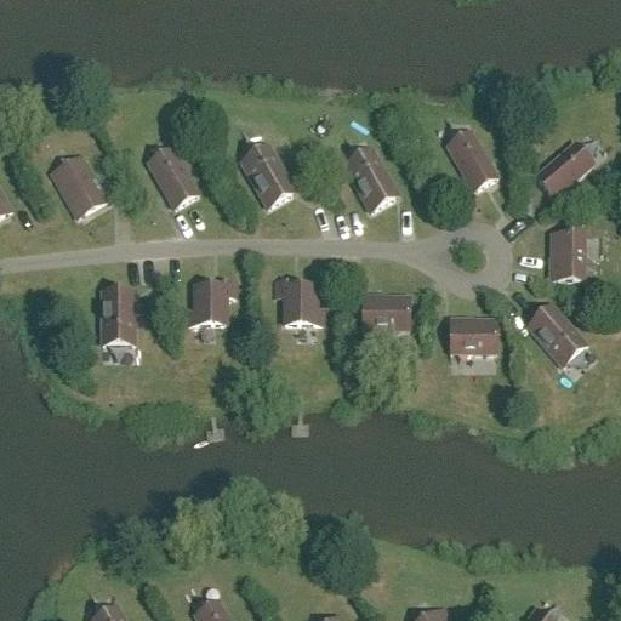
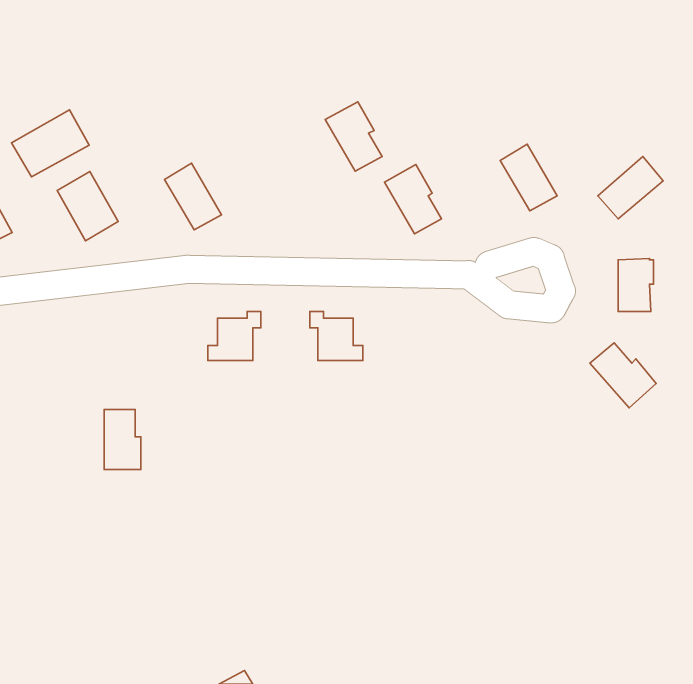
building: none -> [11,110,89,177]
building: [240,143,291,205] -> [325,102,382,171]
building: [101,289,133,342] -> [104,410,141,469]
building: [361,295,409,326] -> none
building: [449,318,496,351] -> none

